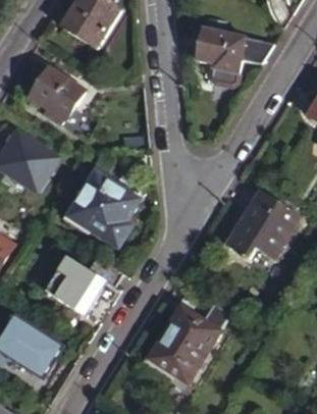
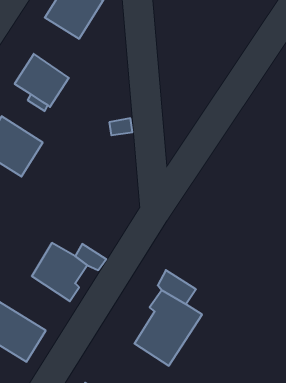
building: [199,32,245,76] -> none
building: [71,173,137,244] -> none
building: [227,194,298,262] -> none

